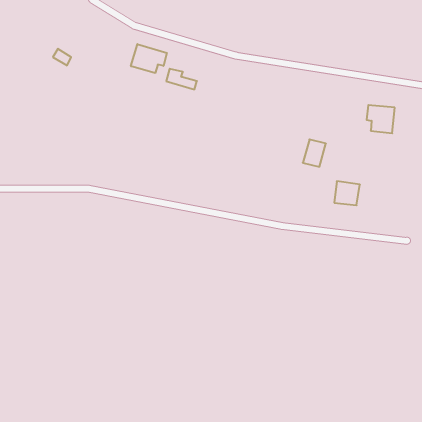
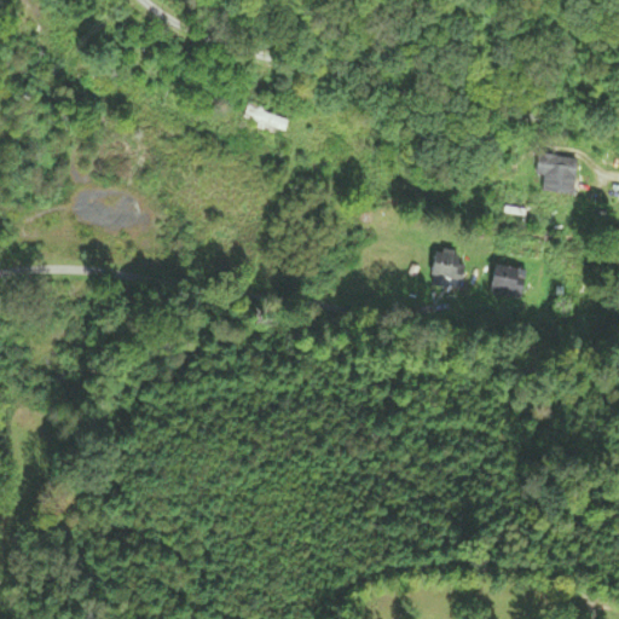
building: [131,44,167,73] -> none
building: [303,139,326,167] -> [429,247,463,287]

